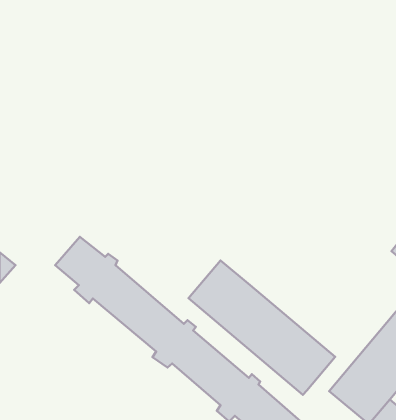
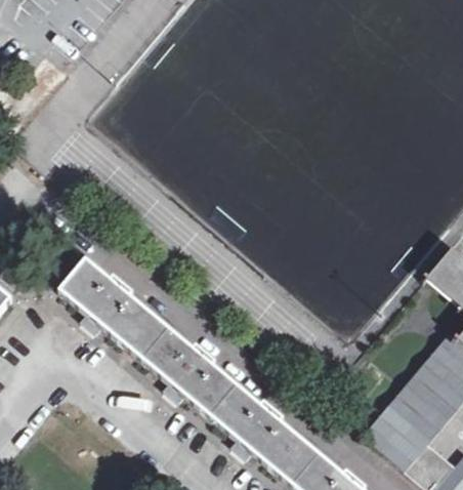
building: [188,260,335,395] -> none

